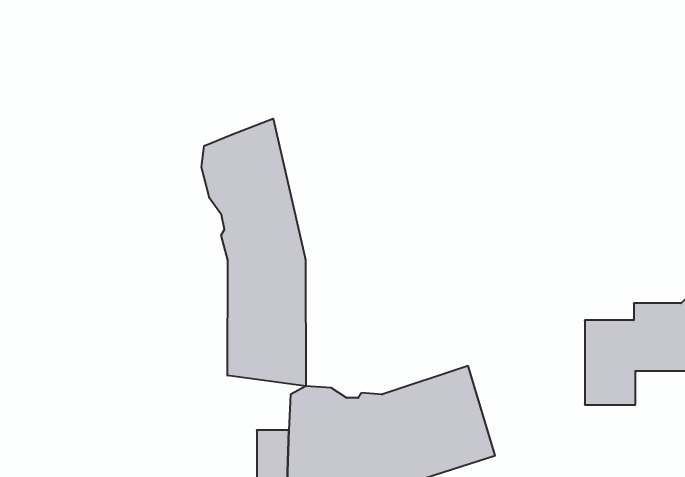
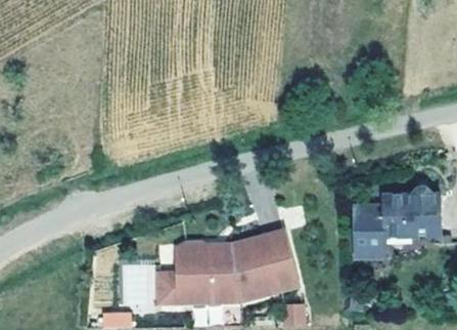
building: [201,119,306,386] -> none

